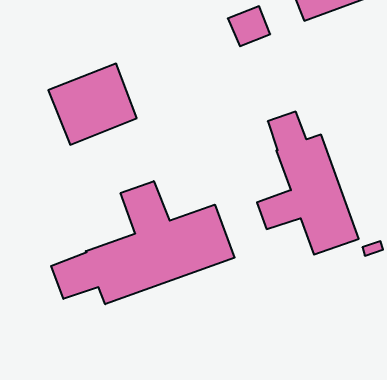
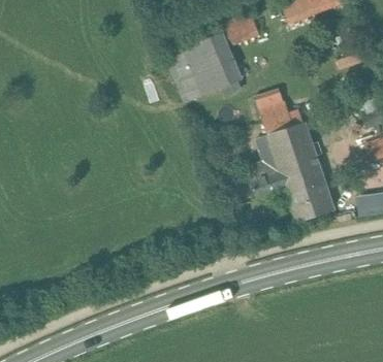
building: [48,64,137,145] -> [166,33,242,102]
building: [51,181,235,304] -> none

